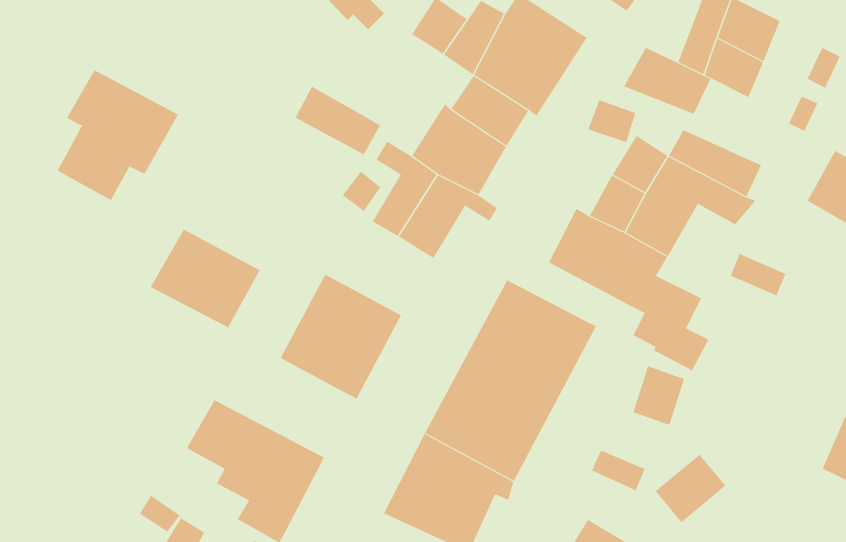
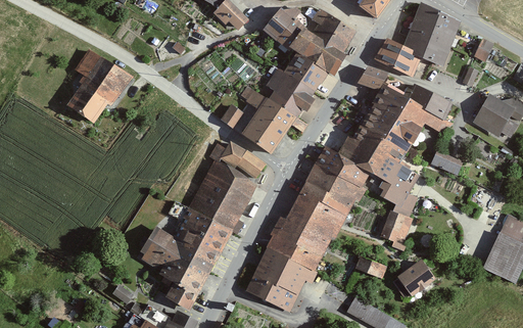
building: [295,86,381,155] -> [220,142,267,180]
building: [150,229,260,328] -> [171,207,231,262]
building: none -> [313,144,368,188]

